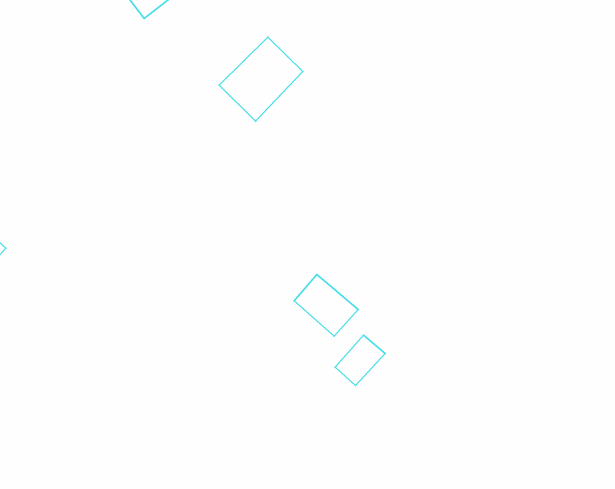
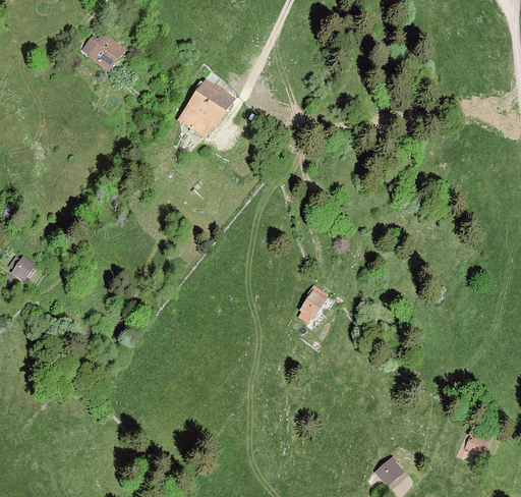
building: [294,275,358,336] -> none

